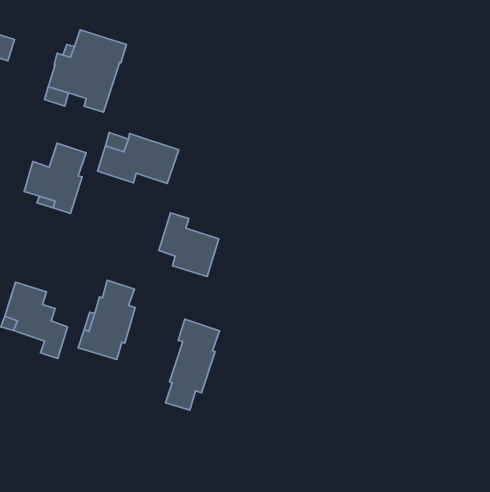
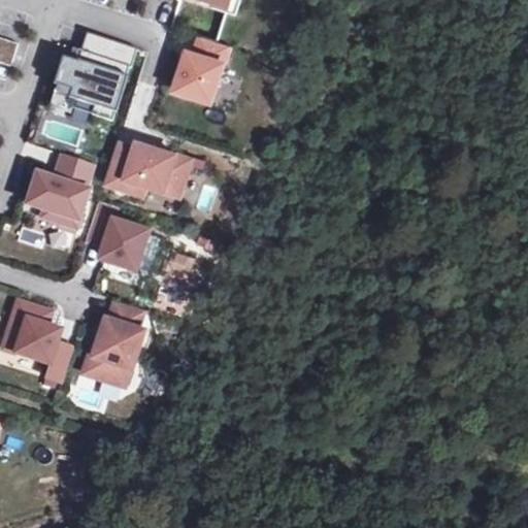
building: none -> [175,36,229,103]
building: [159,213,219,277] -> [86,200,150,268]
building: [165,319,220,410] -> none

